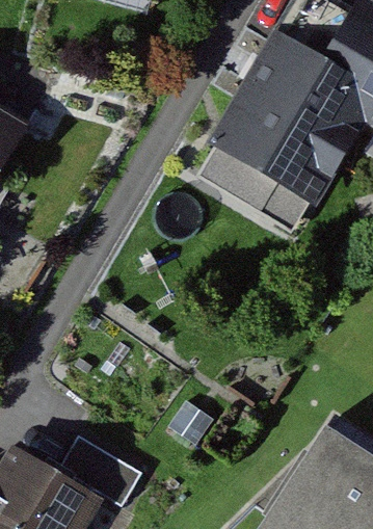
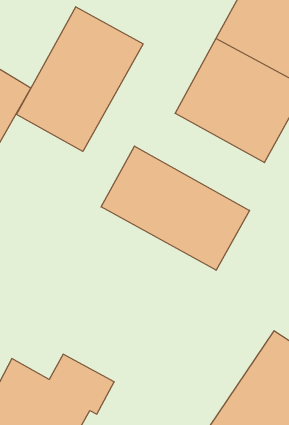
building: none -> [16,7,143,151]
building: none -> [101,146,250,270]

